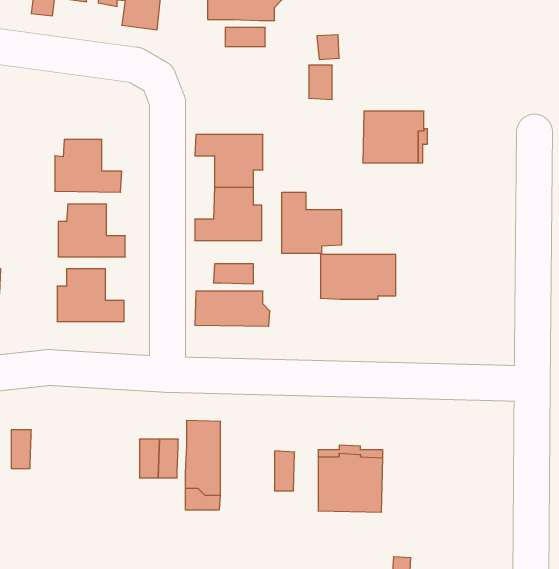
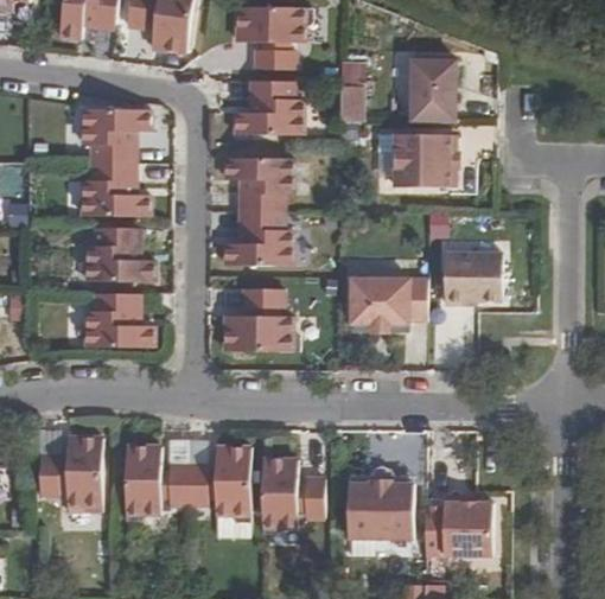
building: none -> [409,59,454,122]
building: none -> [234,81,301,134]
building: none -> [82,109,149,163]
building: [282,192,342,254] -> none
building: none -> [444,251,501,302]
building: none -> [65,438,101,512]
building: none -> [125,446,160,521]
building: none -> [261,459,297,534]
building: none -> [424,496,491,555]

